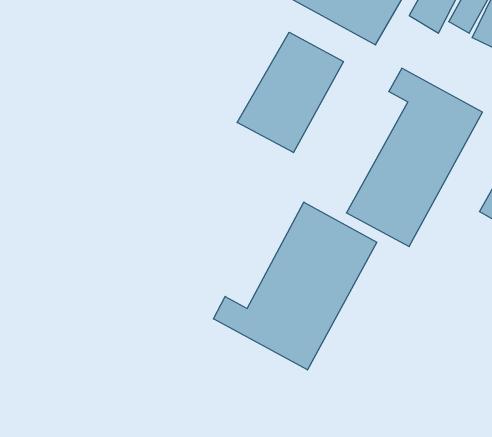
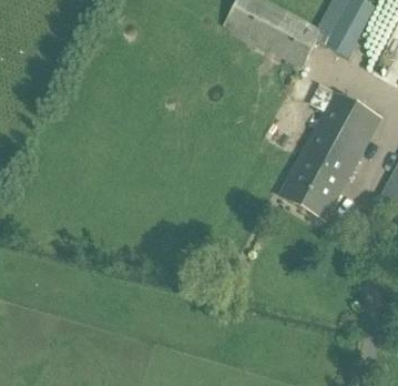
building: [237,32,343,153] -> none
building: [213,202,377,370] -> none

